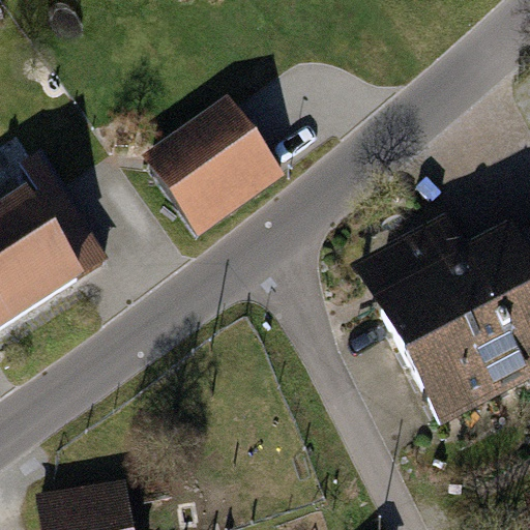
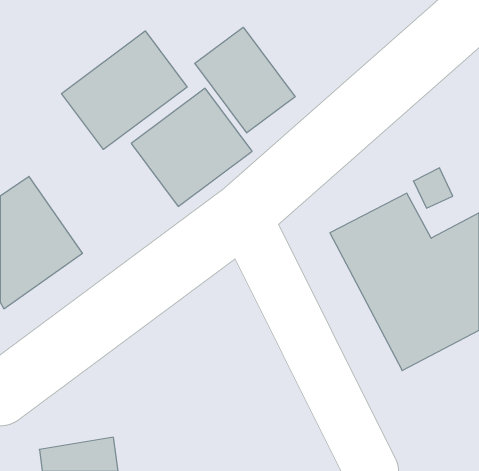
building: none -> [195,27,295,133]
building: none -> [62,31,187,149]

